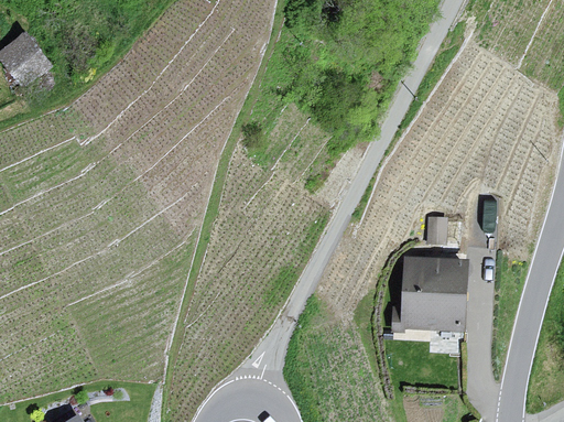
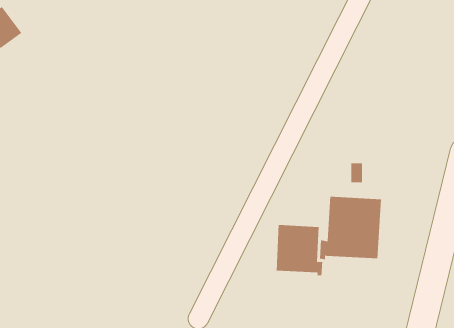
building: none -> [276,224,323,276]

